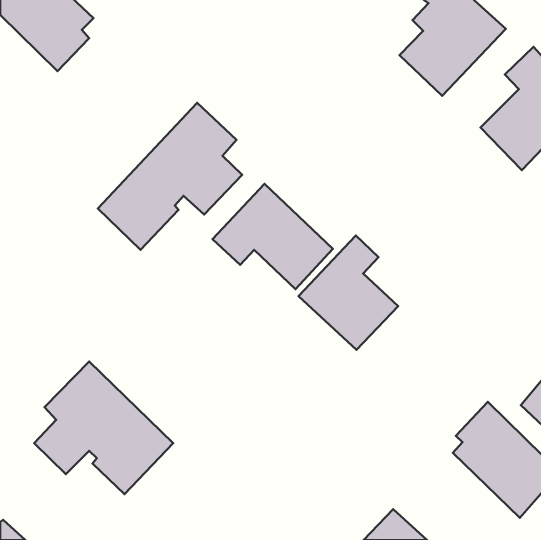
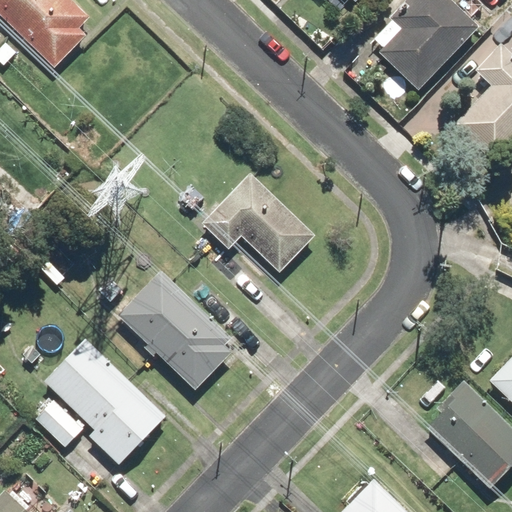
building: [98,103,242,250] -> none
building: [299,235,398,350] -> none
building: none -> [117,270,232,391]

